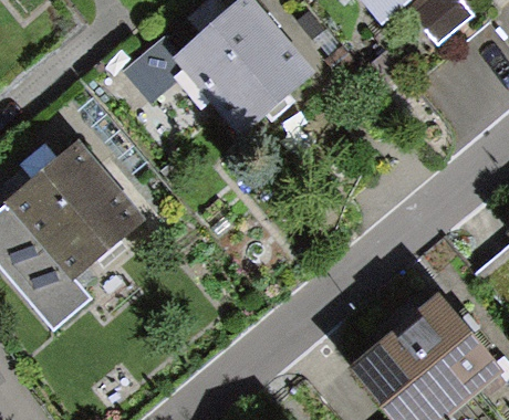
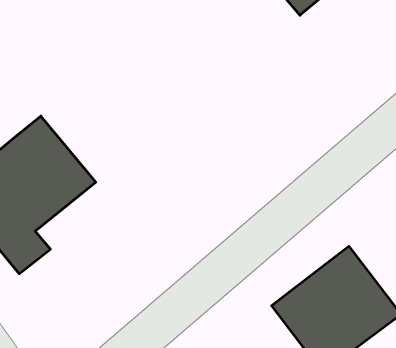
building: [166,20,290,146] -> none

